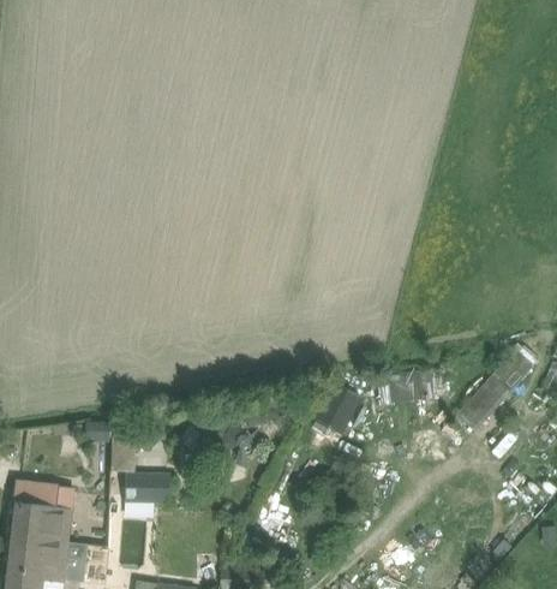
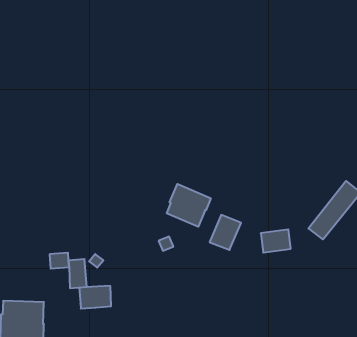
building: none -> [167,184,211,227]
building: [389,371,430,401] -> [261,229,291,253]

